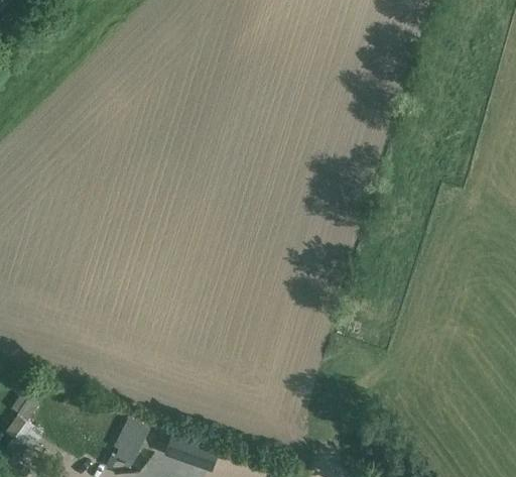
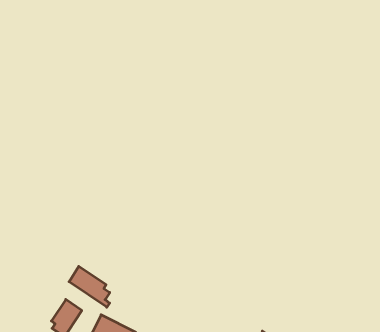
building: none -> [69,266,110,307]

